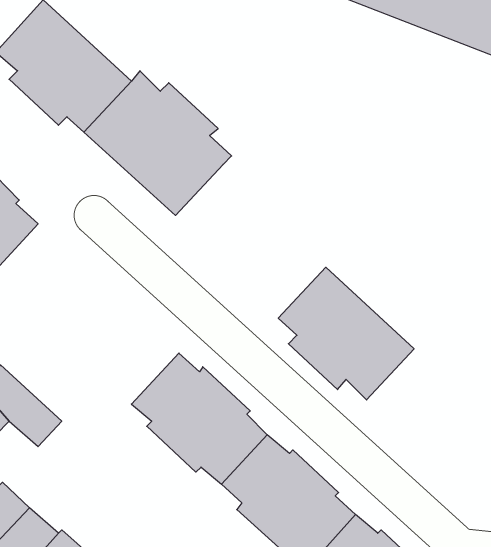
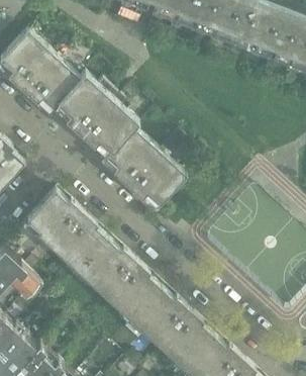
building: [278,267,414,400] -> [106,128,187,207]
building: none -> [26,191,108,271]

